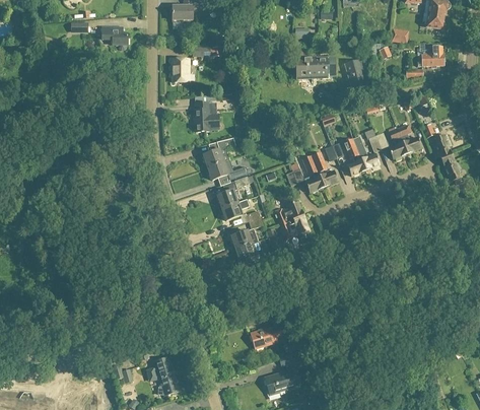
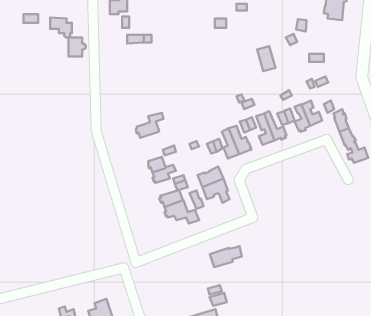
building: [406,44,443,66] -> none
building: [295,56,335,80] -> none
building: [172,59,192,81] -> [68,37,86,56]
building: [193,102,218,132] -> none
building: [207,160,251,180] -> none
building: [250,324,287,348] -> [210,246,242,267]

